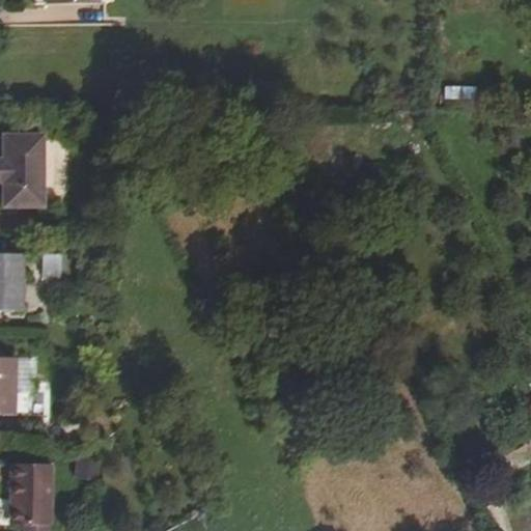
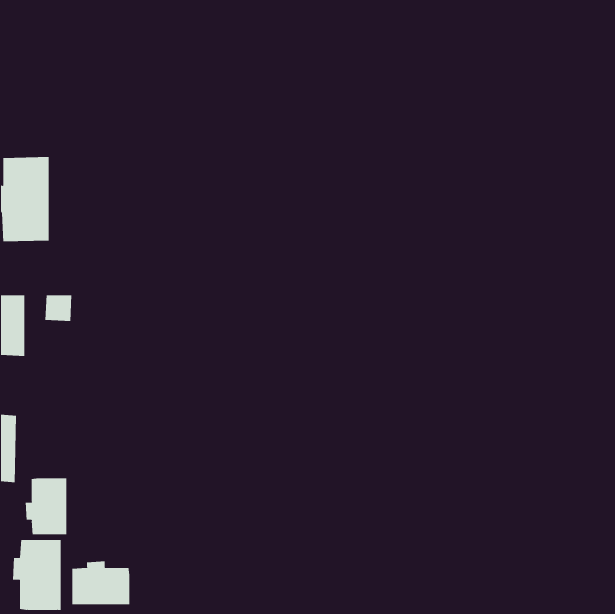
building: none -> [25,478,67,535]
building: none -> [72,561,130,605]

